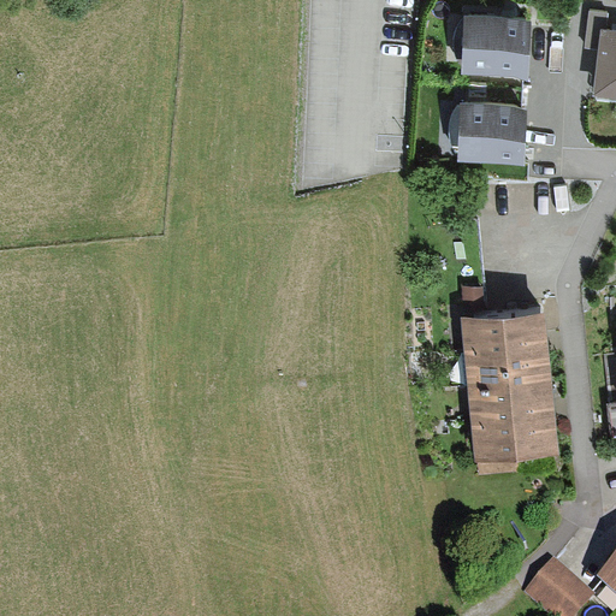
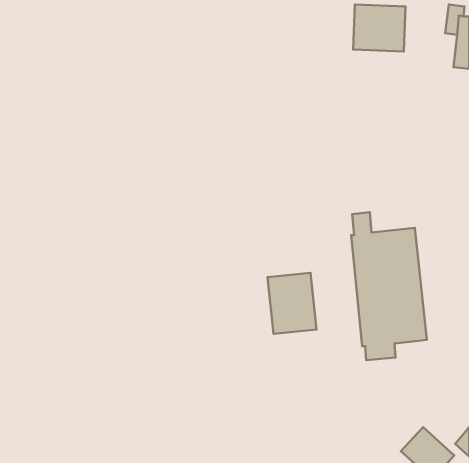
building: [457,102,527,164] -> none
building: none -> [268,273,316,334]

